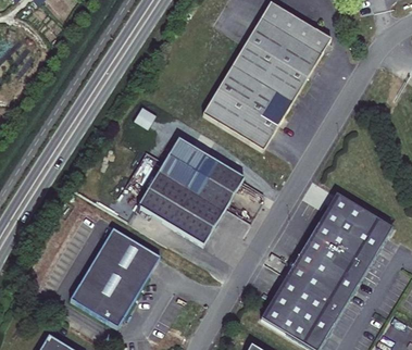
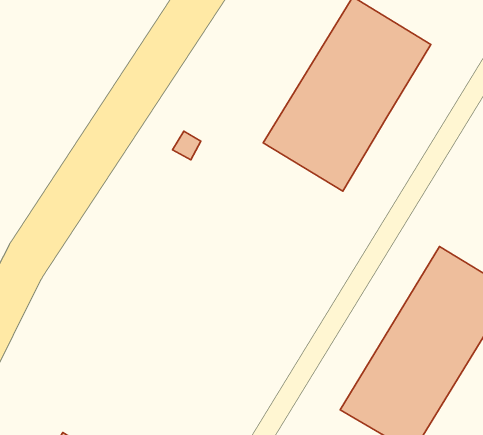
building: [138,136,244,243] -> none
building: [71,227,161,326] -> none

